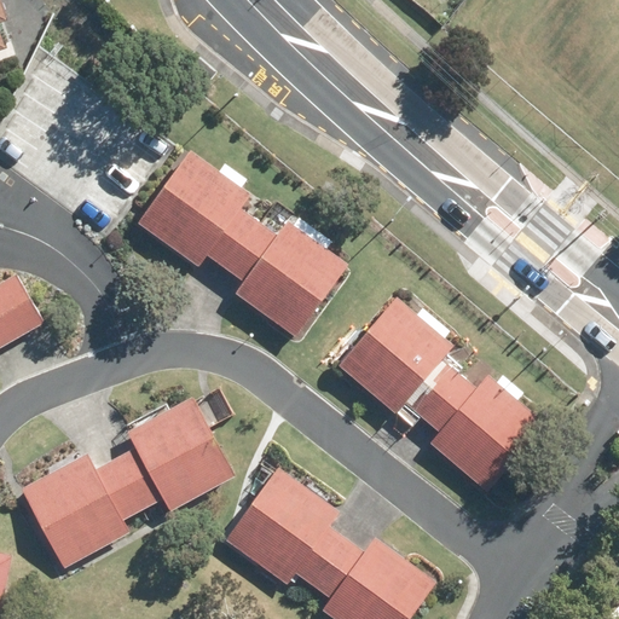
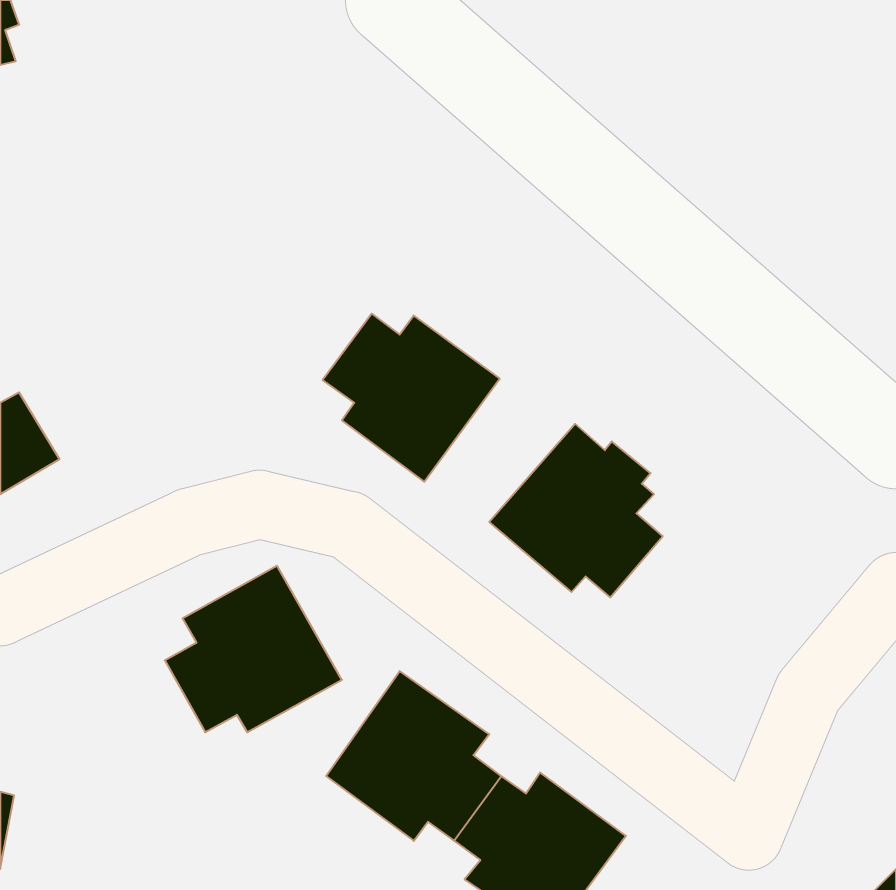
building: [137,151,256,266] -> none
building: [421,374,540,490] -> none
building: [23,455,141,566] -> none

